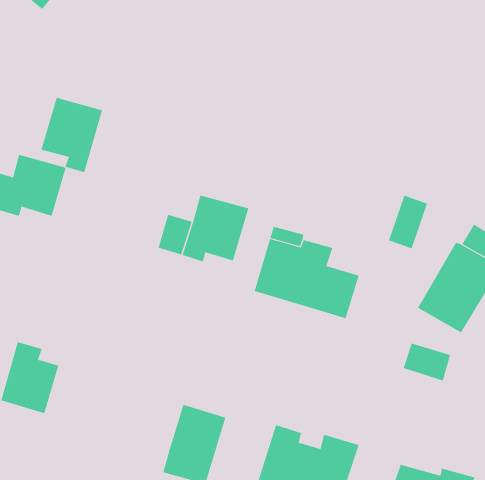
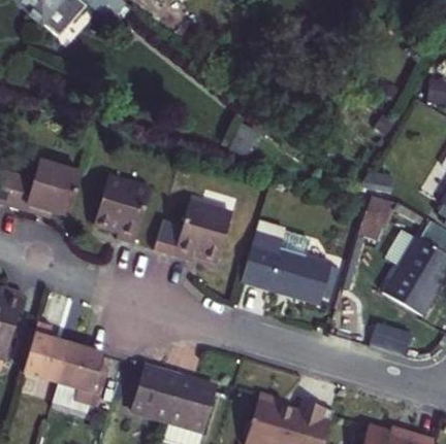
building: [40,97,103,173] -> [96,176,150,241]
building: none -> [62,343,113,406]
building: none -> [135,367,181,416]

